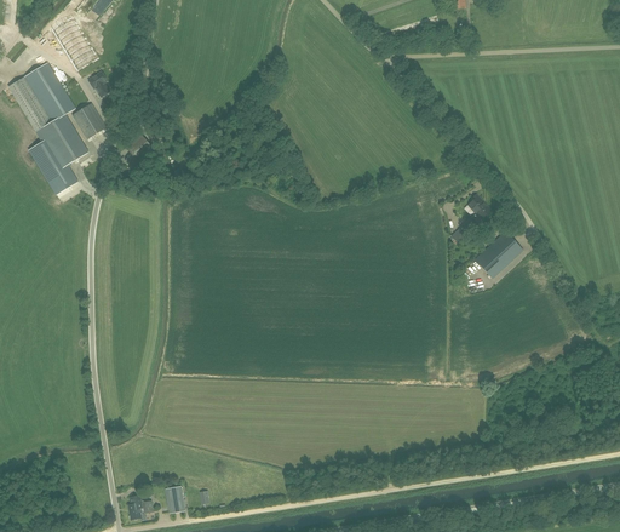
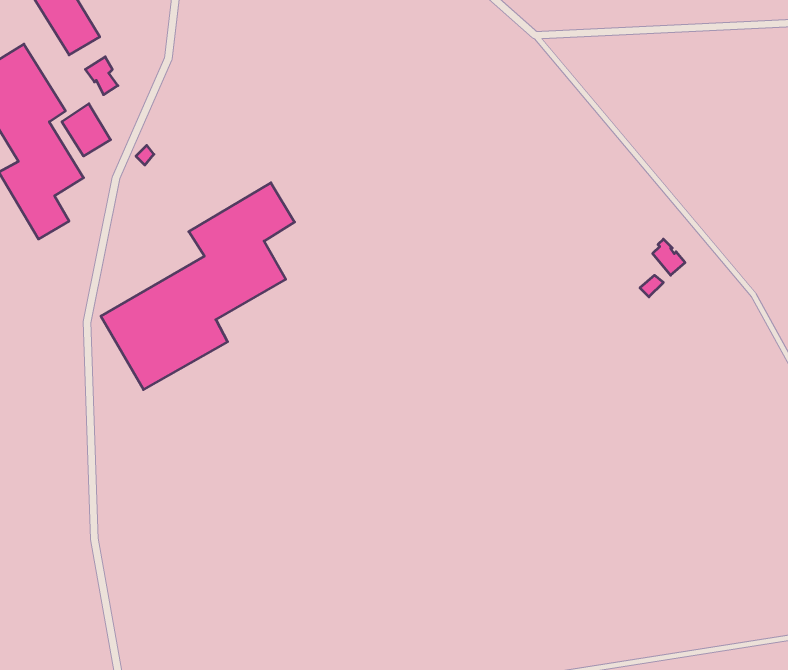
building: none -> [101,183,295,390]
building: [476,231,522,278] -> none

